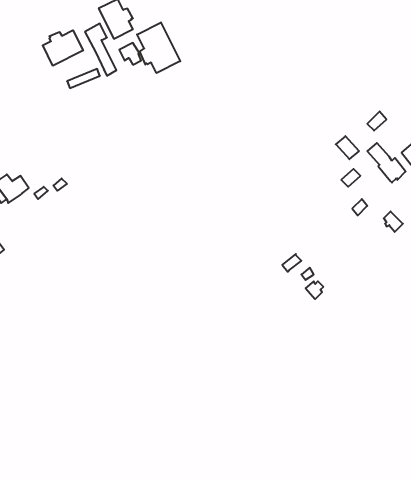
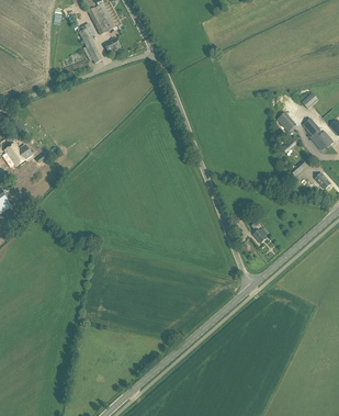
building: [137,22,180,73] -> none
building: [43,30,83,66] -> none

